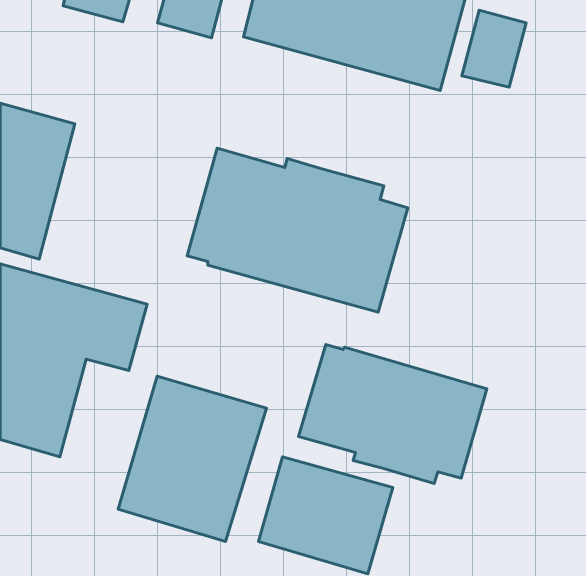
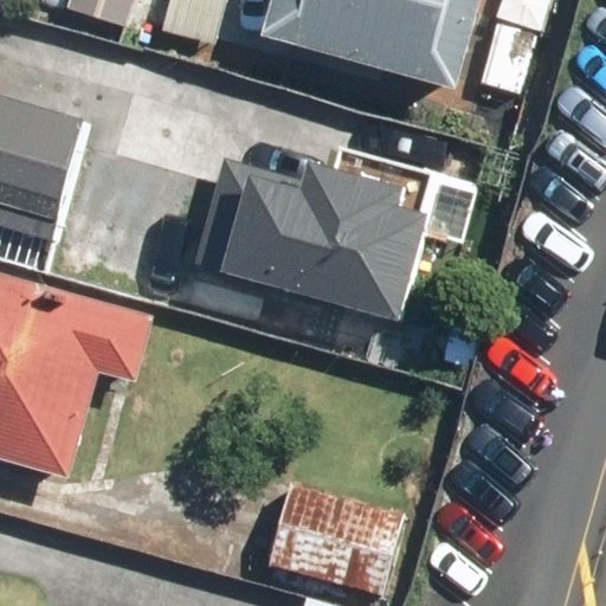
building: [299,345,487,483] -> none
building: [118,376,266,541] -> none

